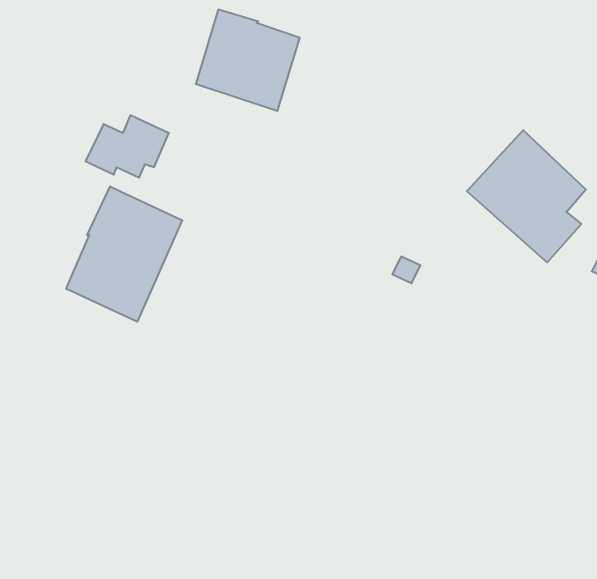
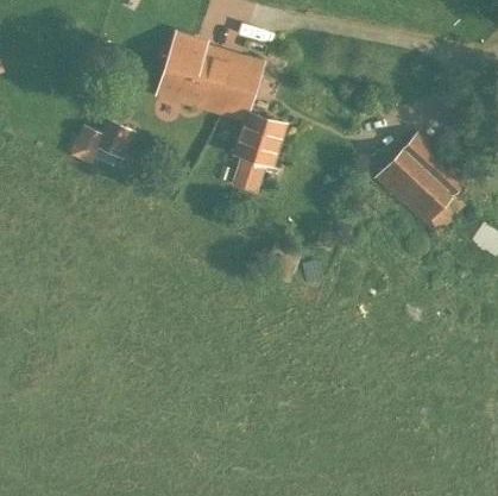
building: none -> [222,56,284,189]
building: [66,186,182,322] -> none

